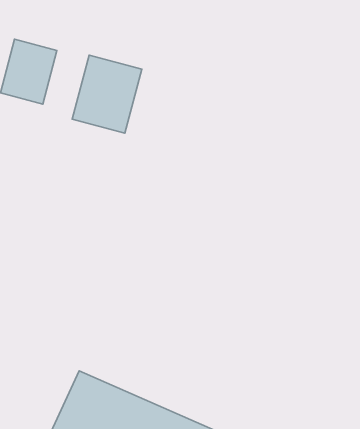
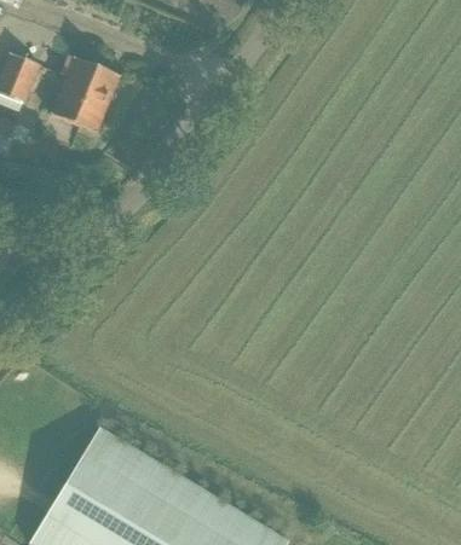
building: [72,55,142,133] -> none

